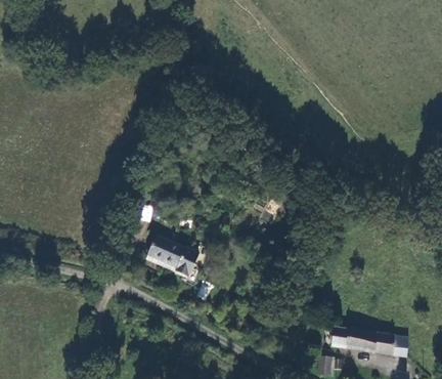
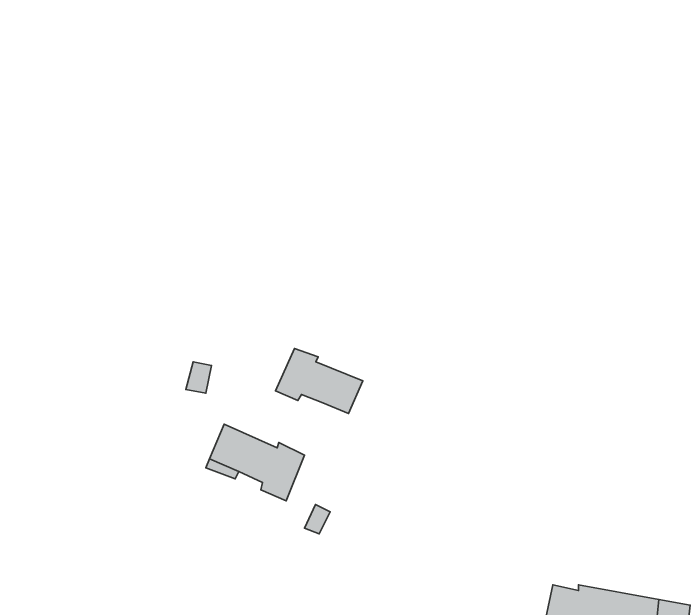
building: none -> [275,349,363,414]

